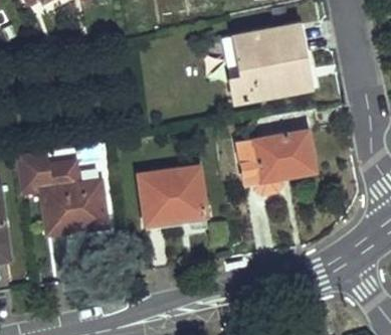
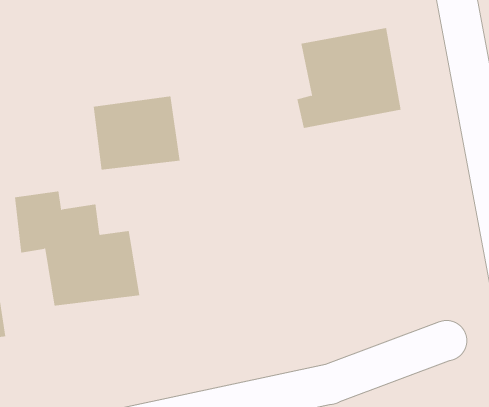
building: [236,130,313,180] -> none
building: [138,166,204,222] -> [93,96,181,170]

